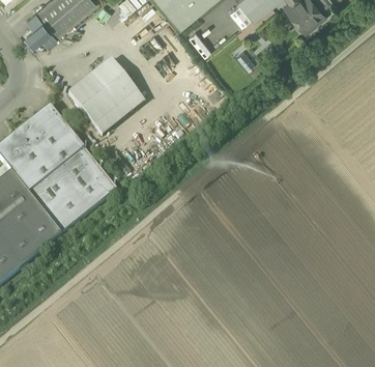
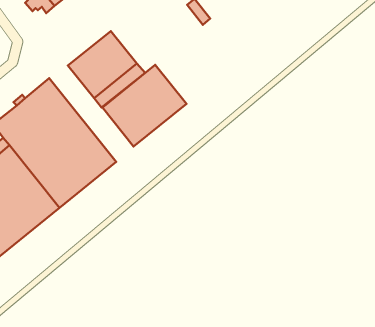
building: none -> [102,65,186,146]

